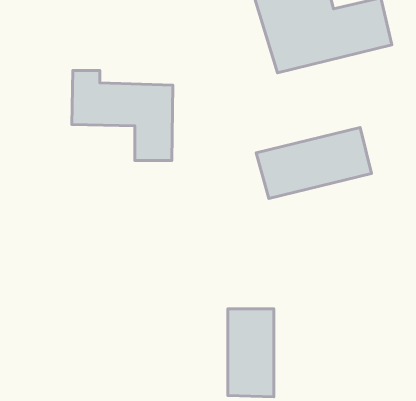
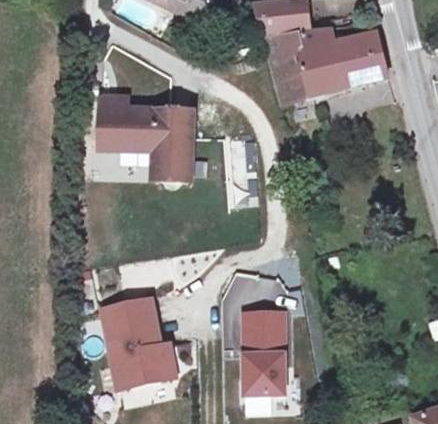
building: [256,127,372,199] -> none
building: none -> [103,295,175,384]

